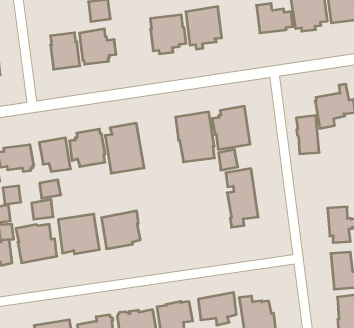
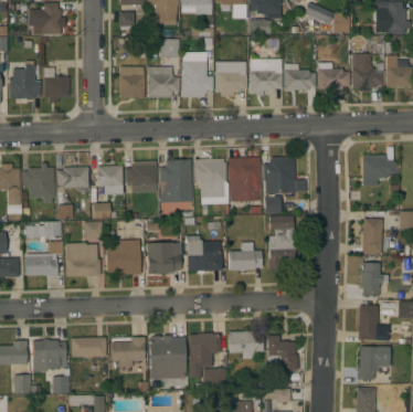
building: none -> [284,63,316,91]
building: none -> [181,53,213,97]
building: [296,115,319,154] -> [362,219,382,254]
building: none -> [194,159,227,199]
building: none -> [229,242,263,271]
building: none -> [187,236,222,271]

